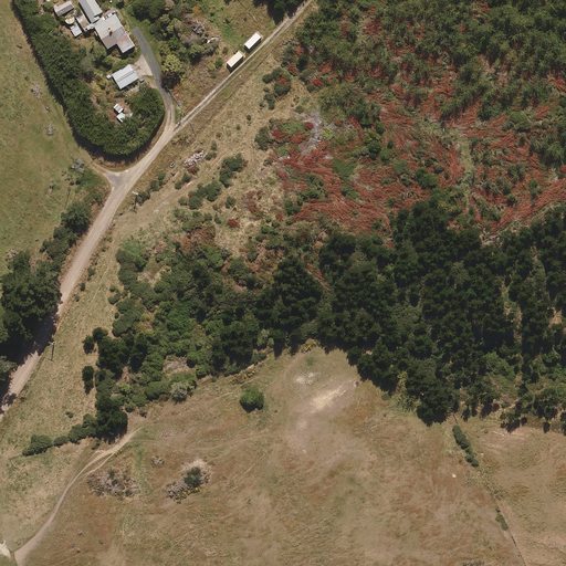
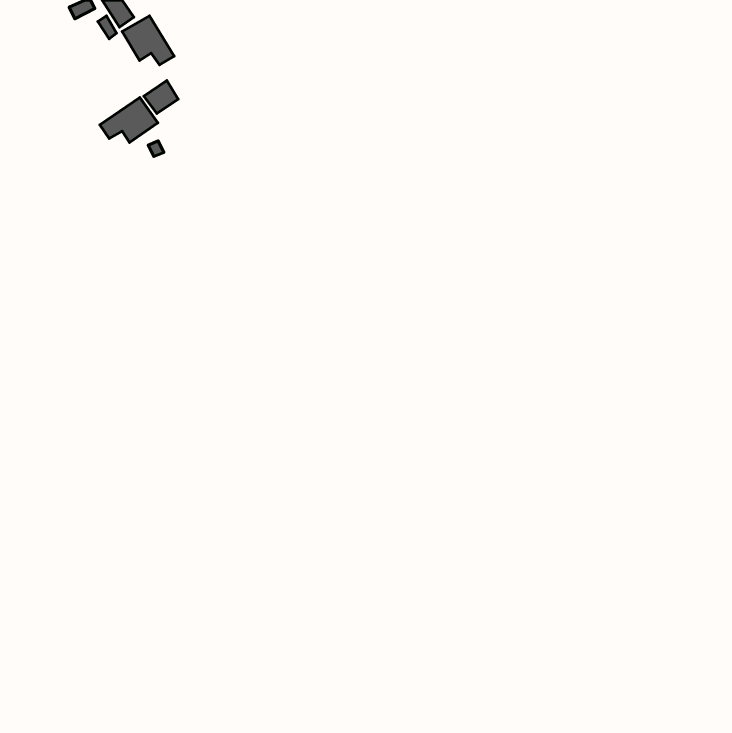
building: none -> [100,98,158,142]

